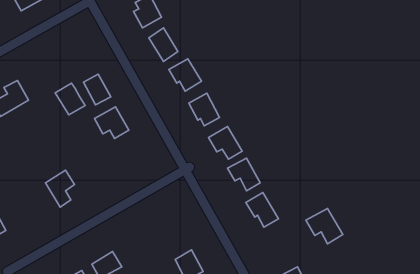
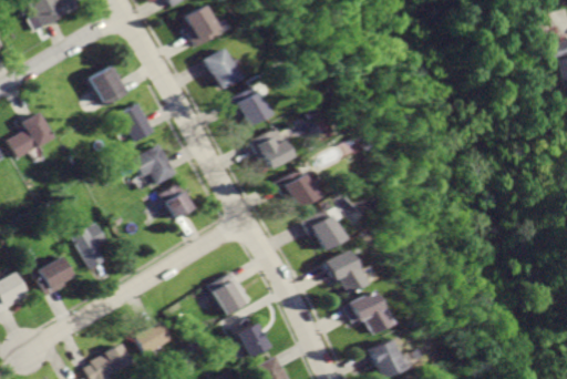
building: [55,83,85,115] -> [96,64,133,103]
building: none -> [167,183,200,219]
building: none -> [37,256,75,295]
building: [306,208,343,244] -> [340,288,385,331]
building: none -> [214,272,254,314]

